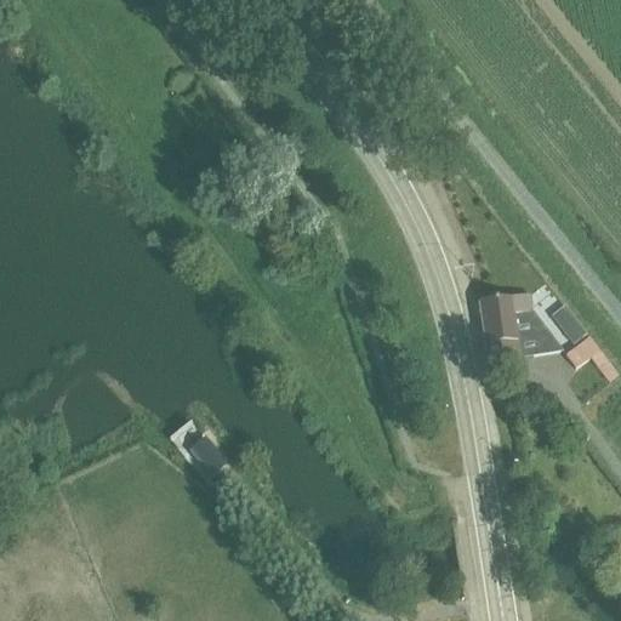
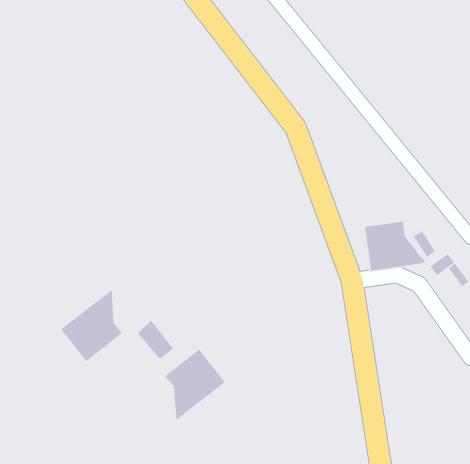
building: none -> [60,288,123,362]
building: none -> [164,348,226,421]

